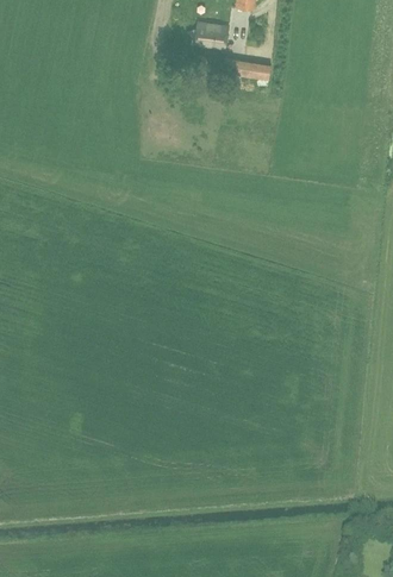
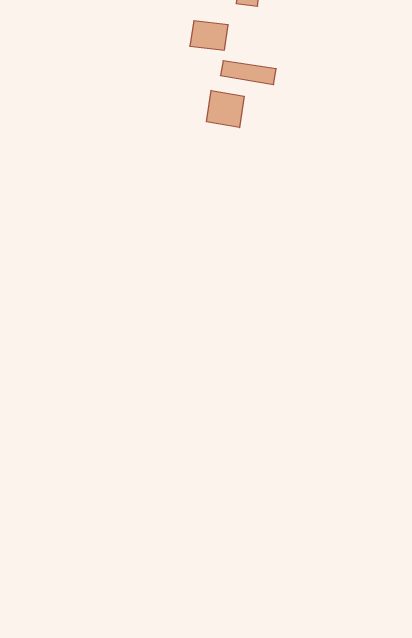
building: none -> [207,90,244,128]

